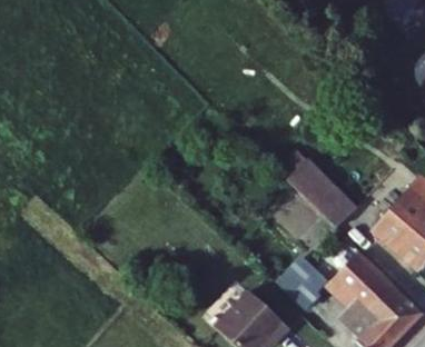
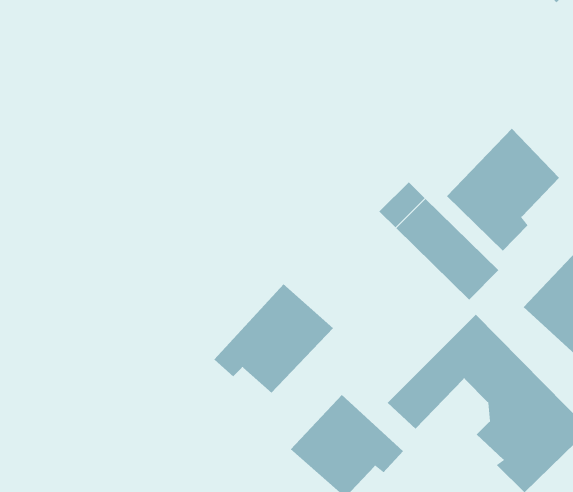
building: none -> [446,128,560,252]
building: none -> [214,283,334,394]

